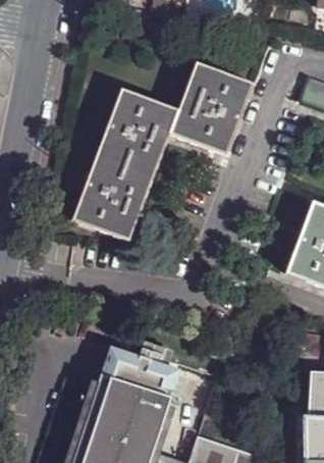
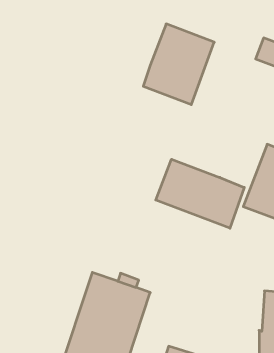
building: [71,89,177,242] -> none
building: none -> [156,159,244,228]

